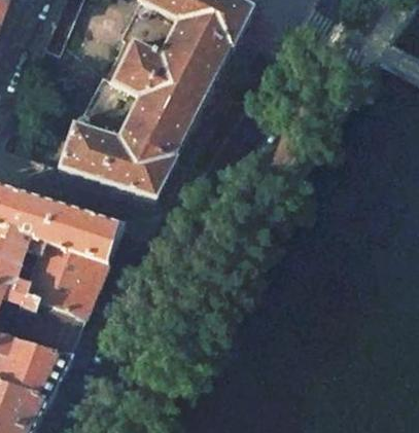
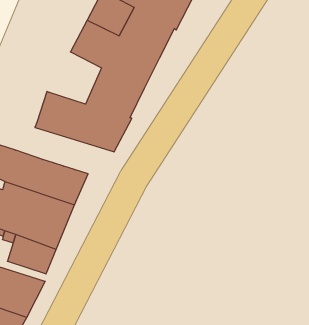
building: [75,74,140,138] -> none

